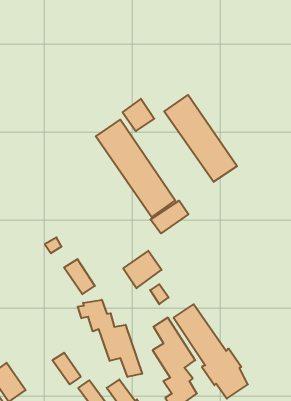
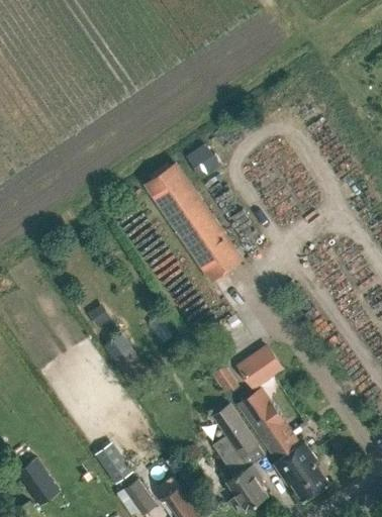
building: [164,95,237,182] -> none
building: [150,201,188,233] -> none
building: [123,251,162,288] -> [237,342,284,388]
building: [78,300,142,377] -> none

